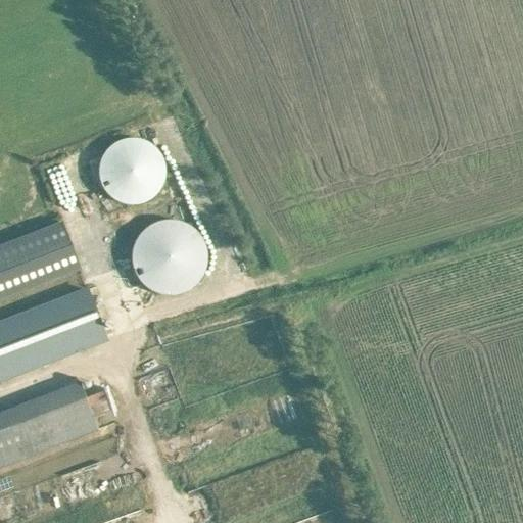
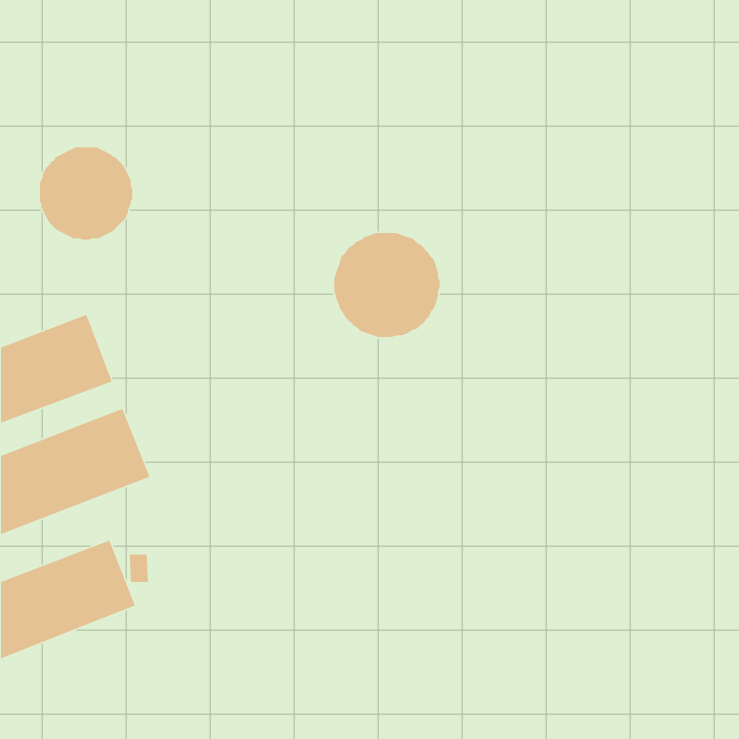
building: [98,139,164,205] -> [39,147,133,241]
building: [130,220,205,294] -> [333,232,440,338]

